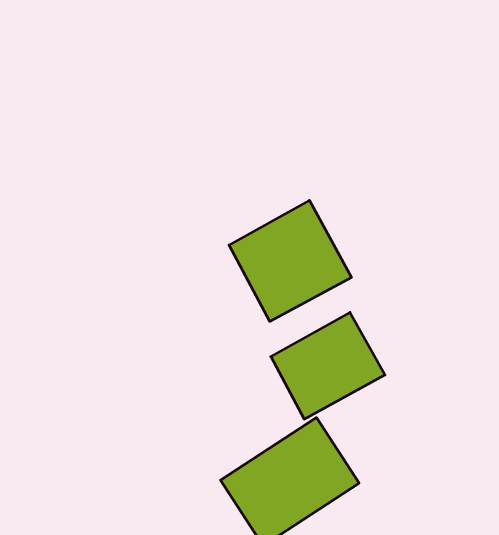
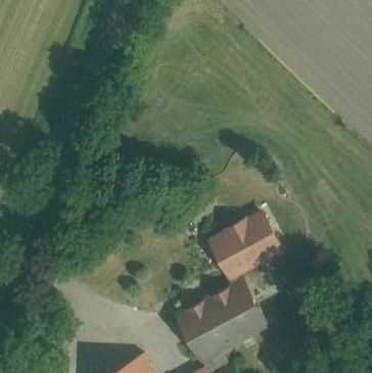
building: [229,200,351,321] -> none

